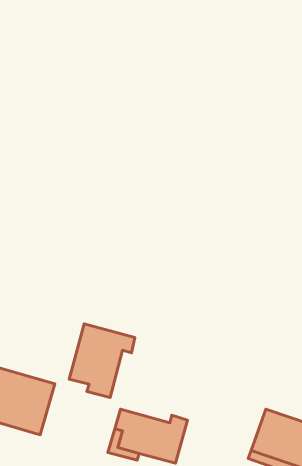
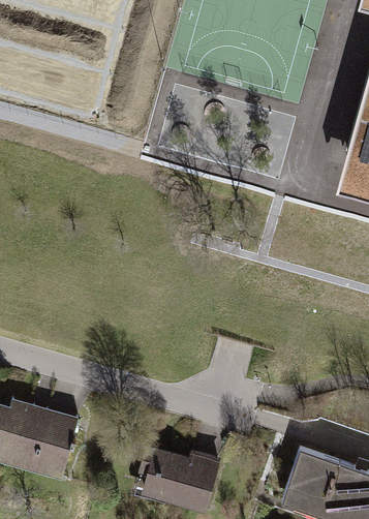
building: [69,324,135,397] -> none

